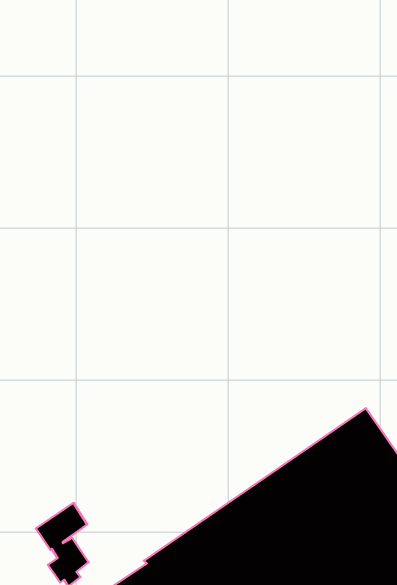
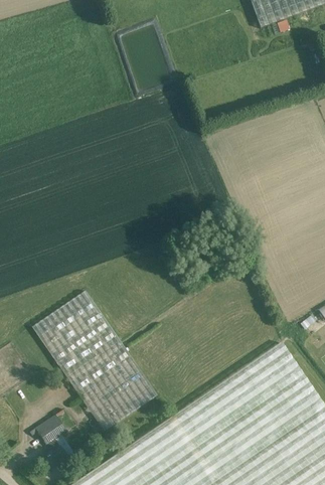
building: none -> [32,292,158,433]

